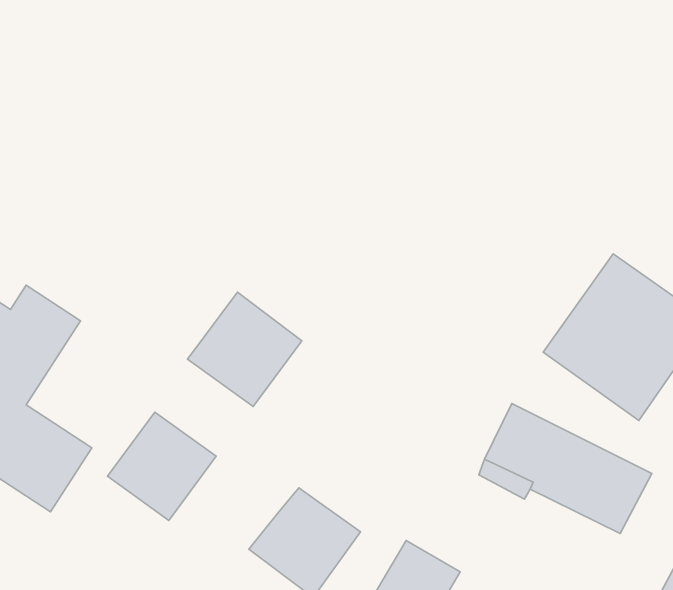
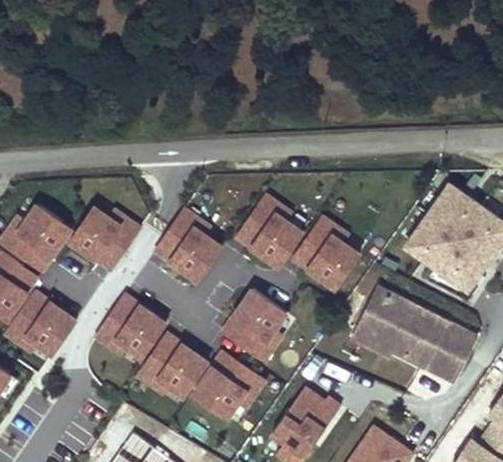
building: none -> [232,194,363,292]
building: none -> [66,199,141,274]
building: none -> [218,282,295,358]
building: none -> [135,331,212,408]

